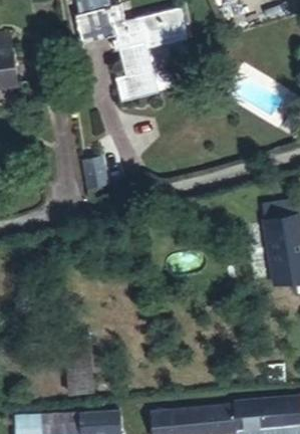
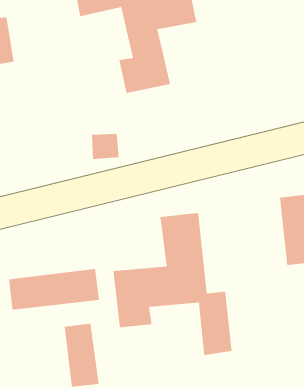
building: none -> [113,212,232,356]
building: none -> [8,268,99,310]

